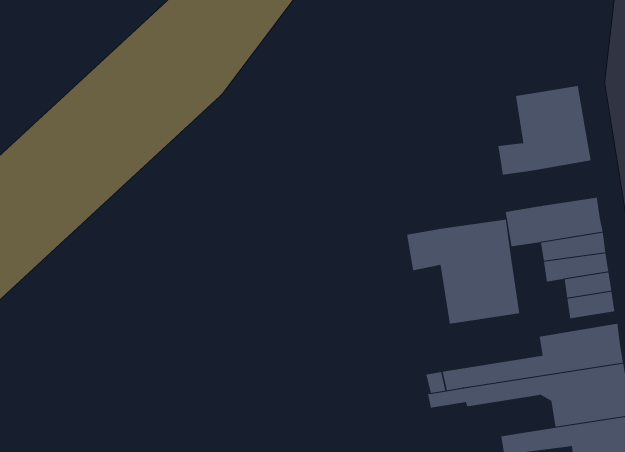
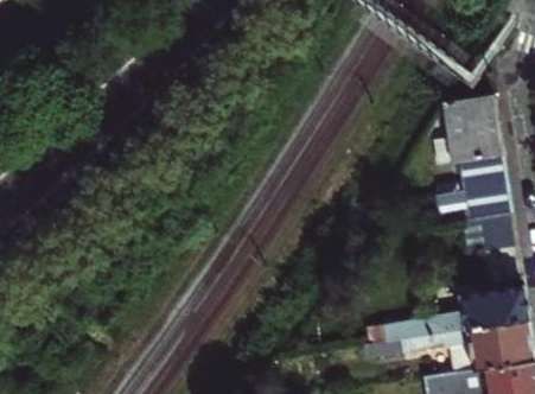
building: none -> [454,153,507,190]
building: [407,219,520,325] -> none

